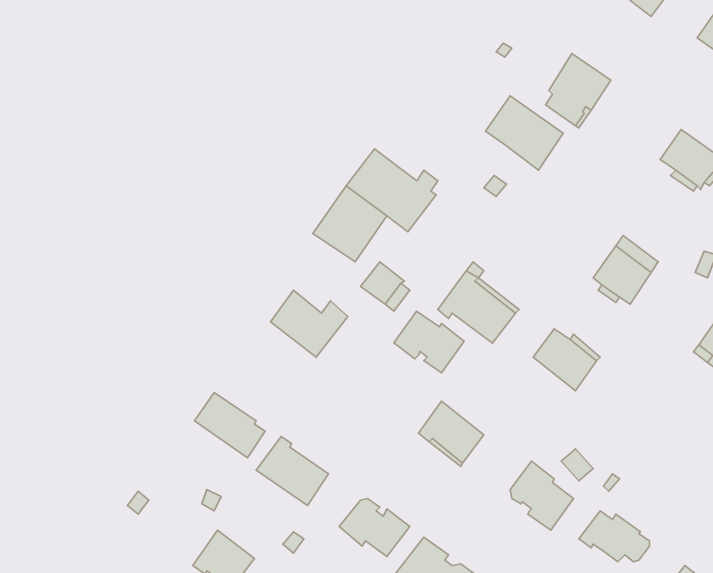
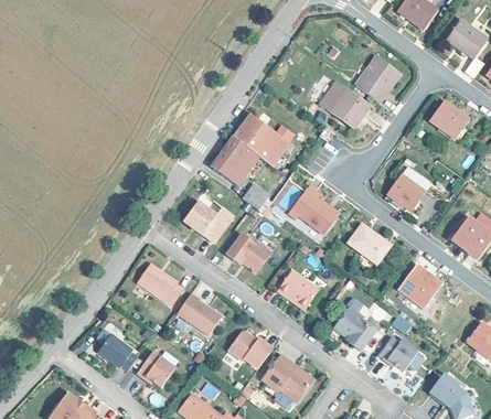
building: [394,311,464,373] -> [227,234,271,272]
building: none -> [399,266,441,308]
building: none -> [97,333,138,370]

